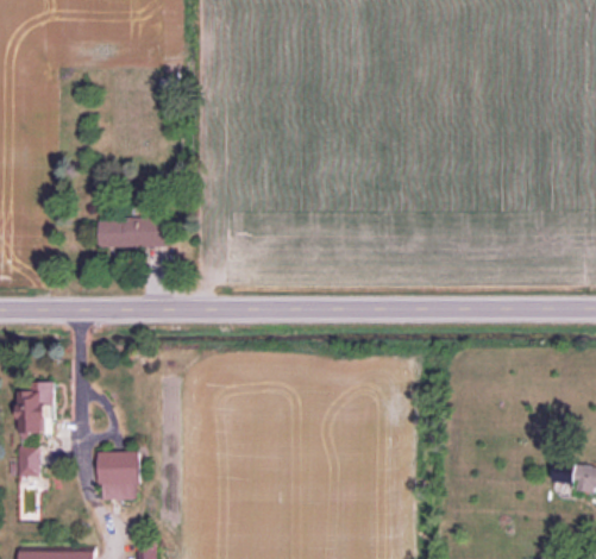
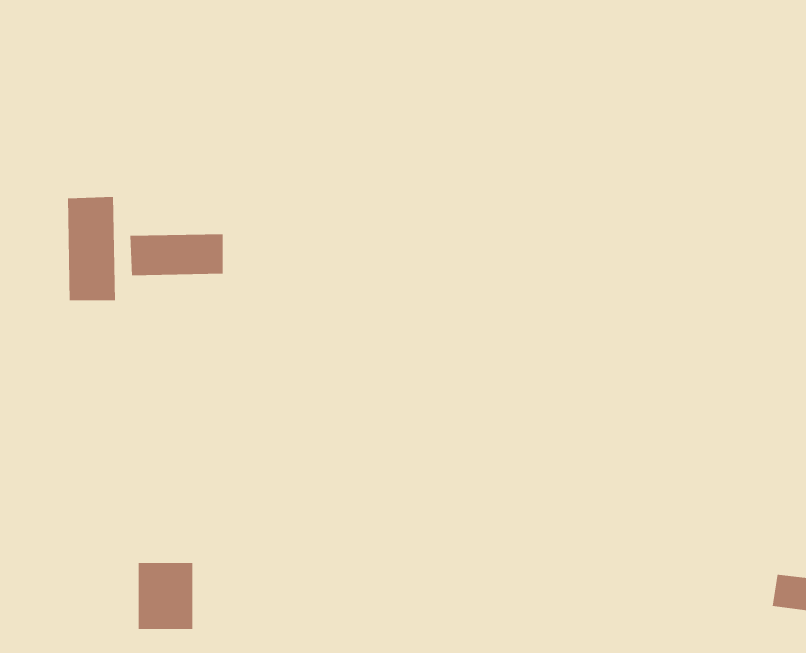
building: none -> [67,196,115,301]
building: [18,382,54,476] -> none

